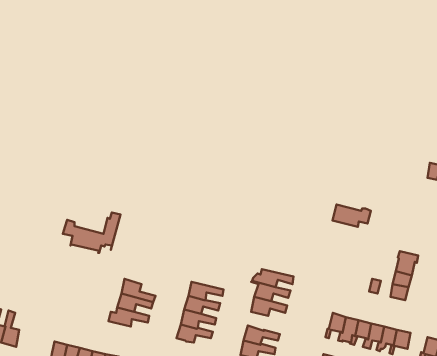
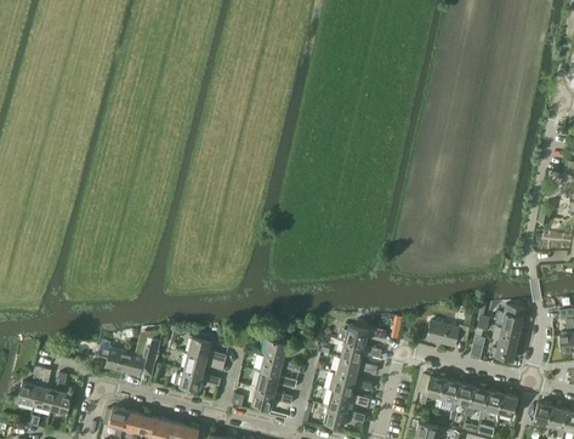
building: [332,204,371,227] -> [426,320,470,346]
building: [63,212,120,253] -> [97,331,163,377]
building: none -> [324,372,373,395]

